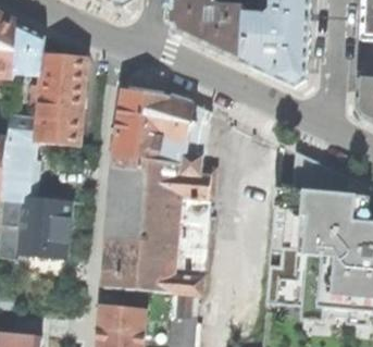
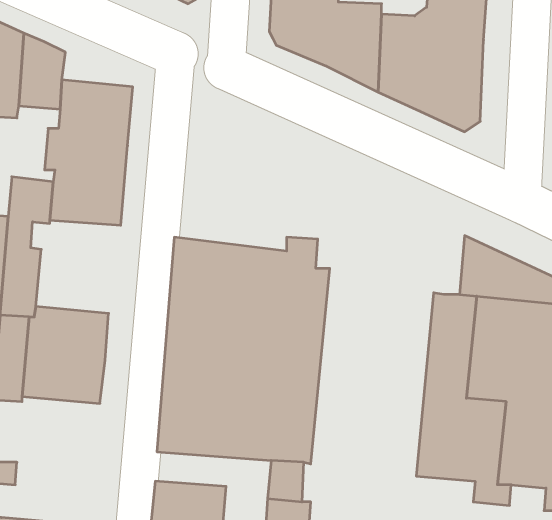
building: [112,87,210,160] -> none

